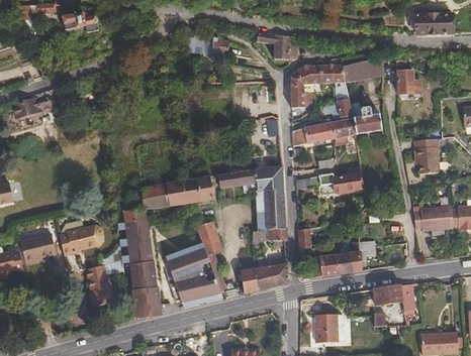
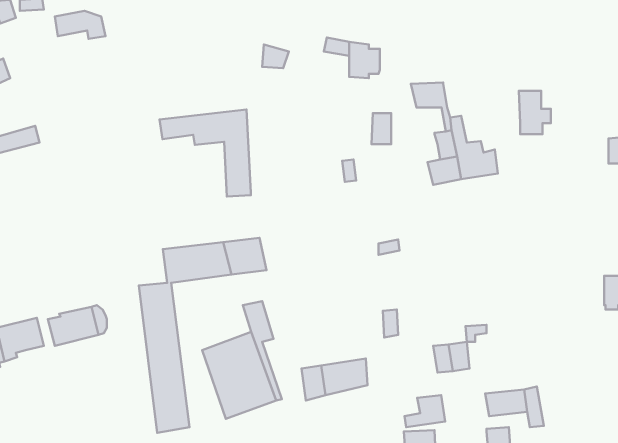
building: [415,14,453,35] -> none
building: [343,57,384,83] -> none
building: [292,66,323,87] -> none
building: [292,122,336,146] -> none
building: [413,138,440,173] -> none
building: [219,167,285,230] -> [160,110,251,197]
building: [320,173,364,194] -> none
building: [422,205,454,228] -> none
building: [309,254,339,277] -> [405,395,445,427]
building: [83,264,111,305] -> none

